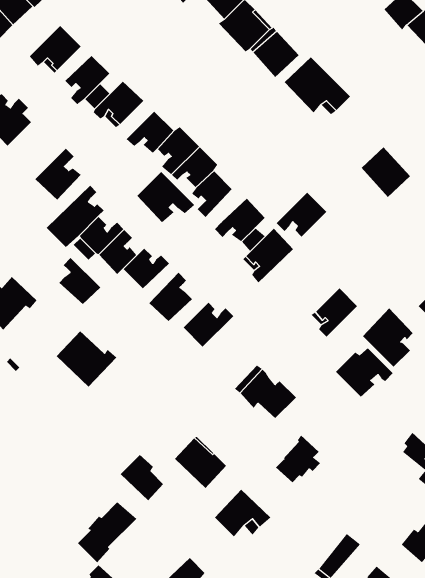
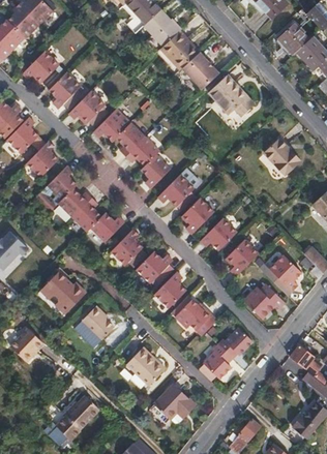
building: none -> [6,116,38,152]
building: [137,171,195,223] -> none
building: [276,192,327,237] -> [200,217,237,250]
building: [59,257,101,305] -> none
building: none -> [152,271,185,309]
building: none -> [10,328,42,362]
building: none -> [219,328,255,360]
building: [120,454,164,501] -> [83,306,115,340]

